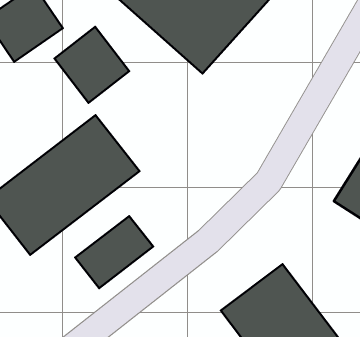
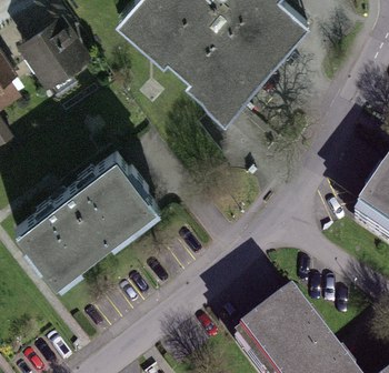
building: [55,27,129,103] -> none
building: [75,216,153,288] -> none

